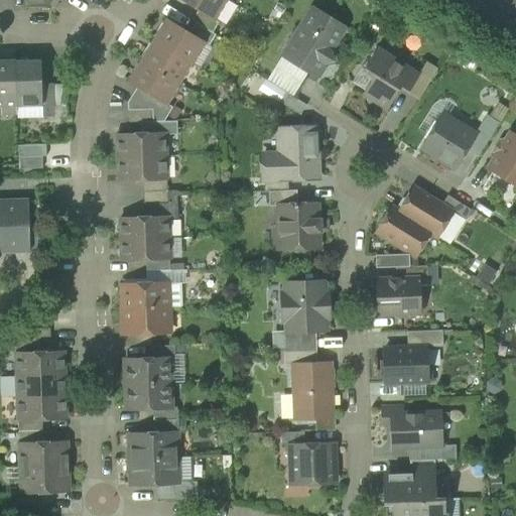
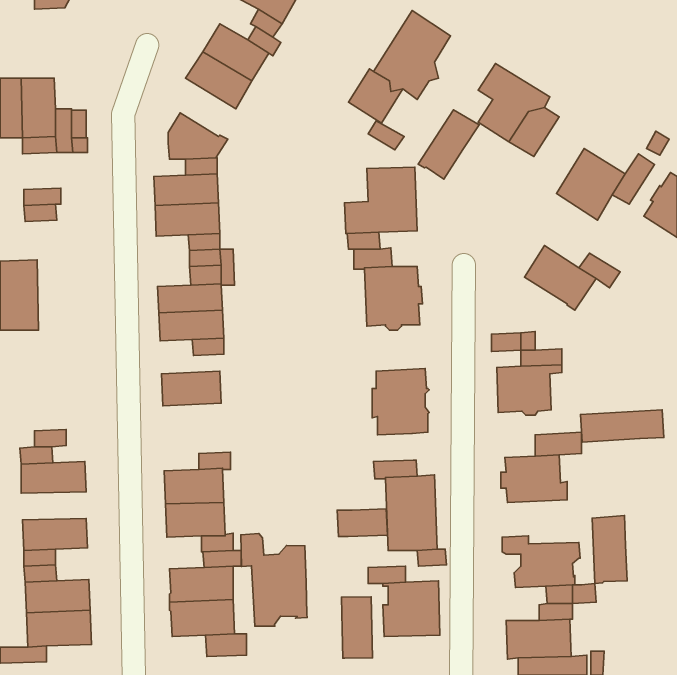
building: [128,59,179,104] -> none
building: none -> [418,110,479,179]
building: [377,207,431,255] -> none
building: [124,306,169,333] -> none
building: none -> [581,410,664,442]
building: [276,330,314,351] -> [337,509,388,537]
building: [16,374,66,395] -> none
building: none -> [592,515,627,583]
building: none -> [241,533,307,626]
building: none -> [341,597,373,658]

